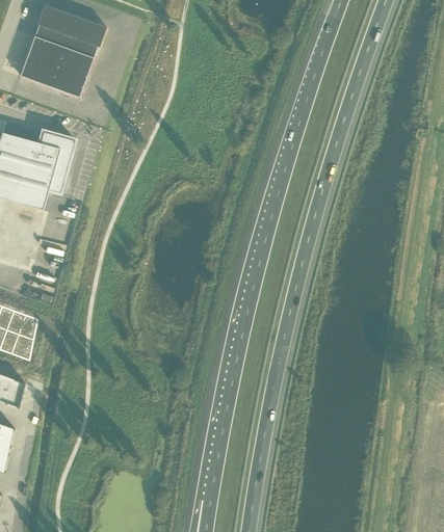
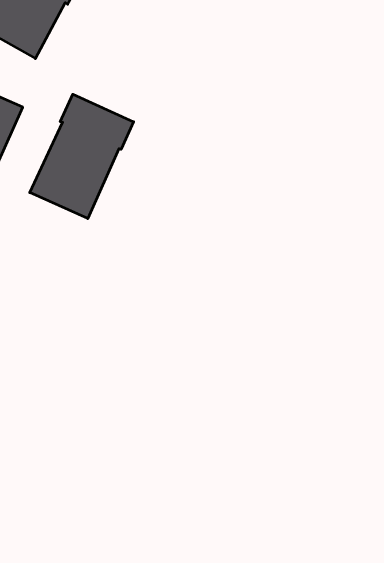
building: none -> [30,94,134,219]

